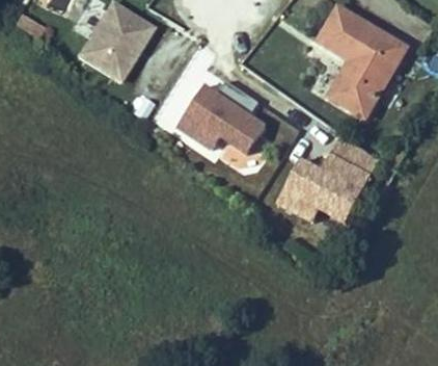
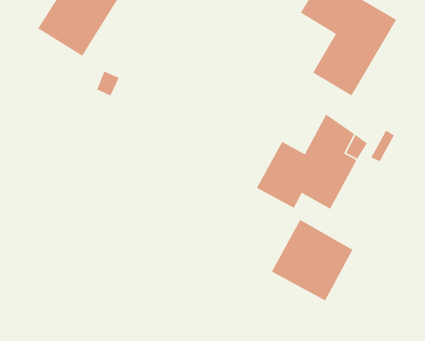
building: [176,80,265,153] -> none
building: none -> [271,219,354,302]

